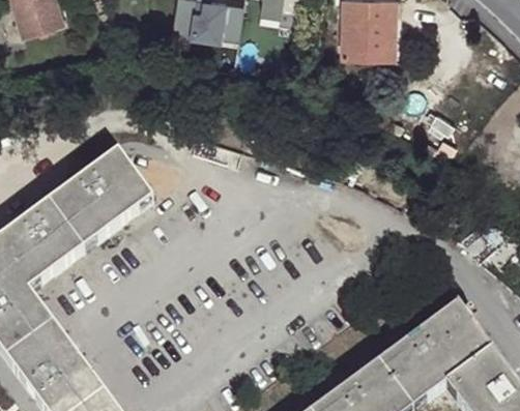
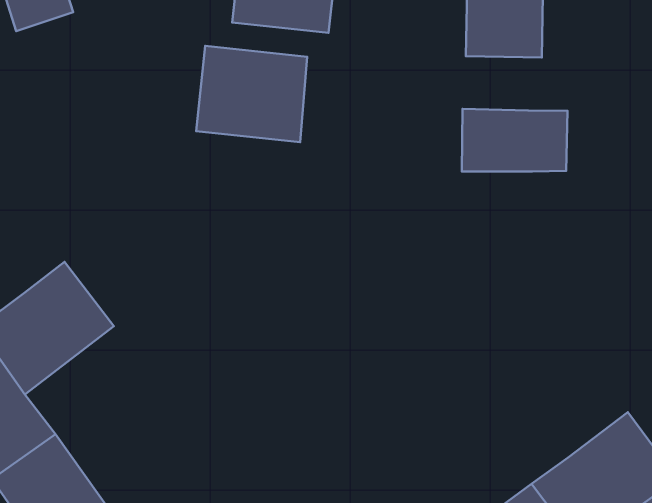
building: none -> [196,46,307,142]
building: none -> [462,109,568,172]
building: [55,156,149,246] -> none

